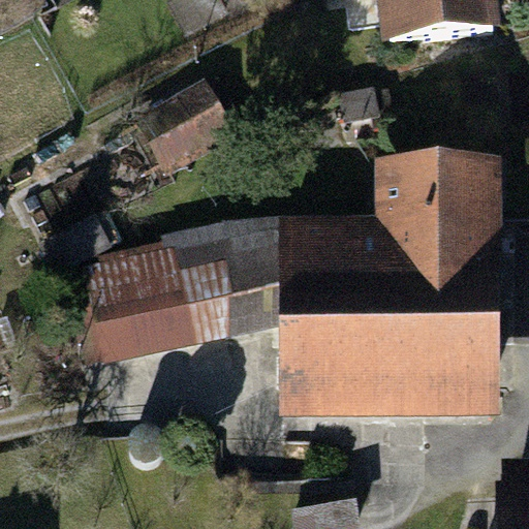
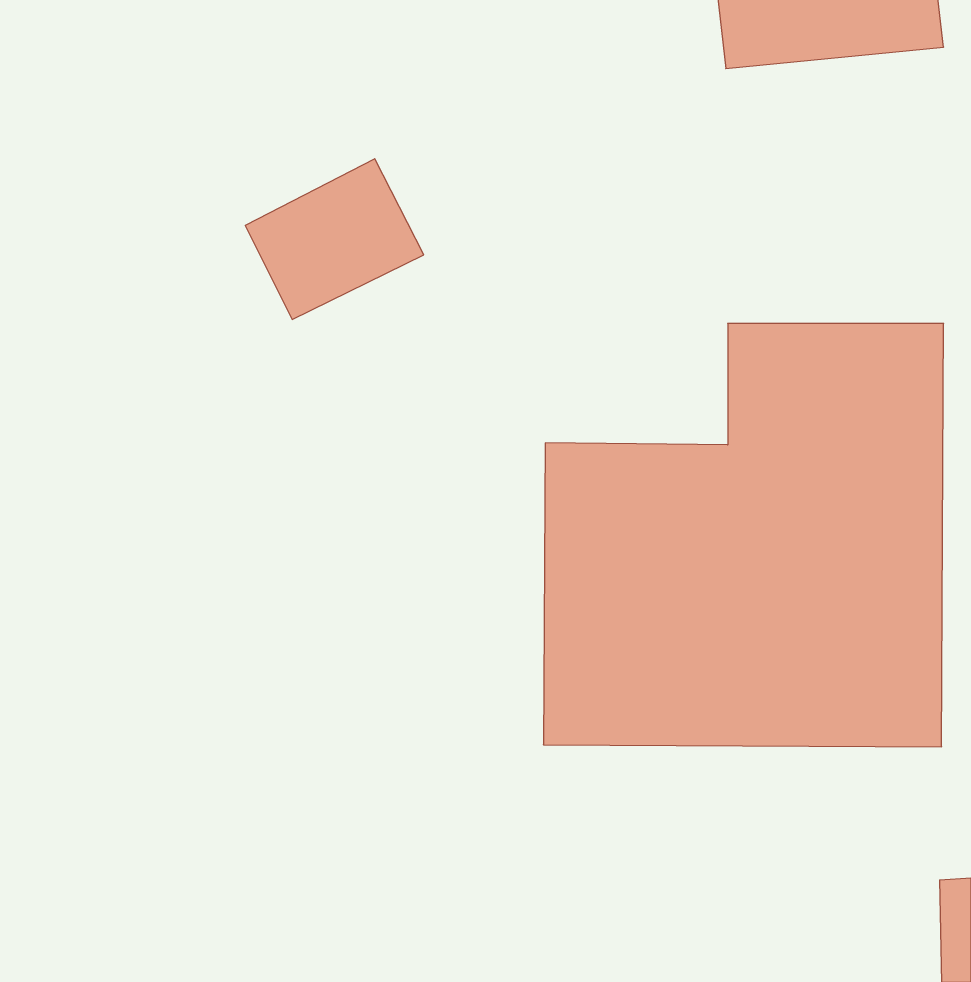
building: [80,221,278,362] -> none

